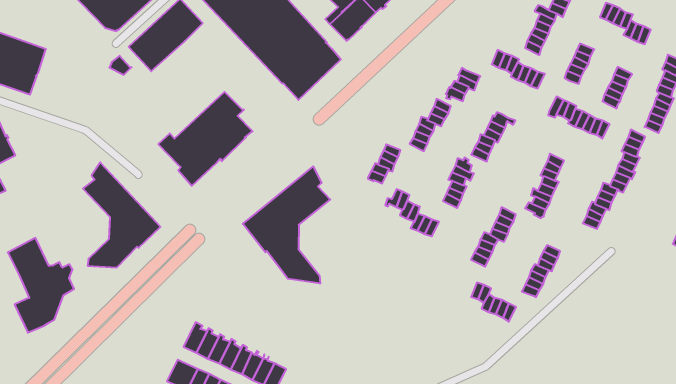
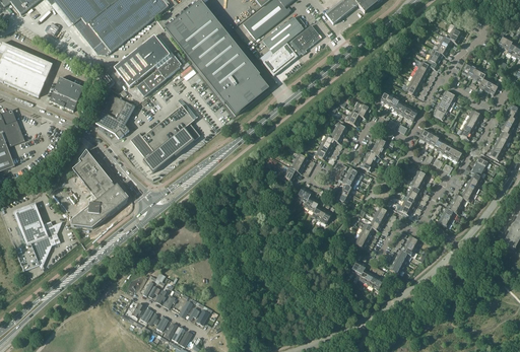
building: none -> [136,53,185,96]
building: none -> [50,77,83,111]
building: none -> [95,93,135,139]
building: [243,166,330,284] -> none

